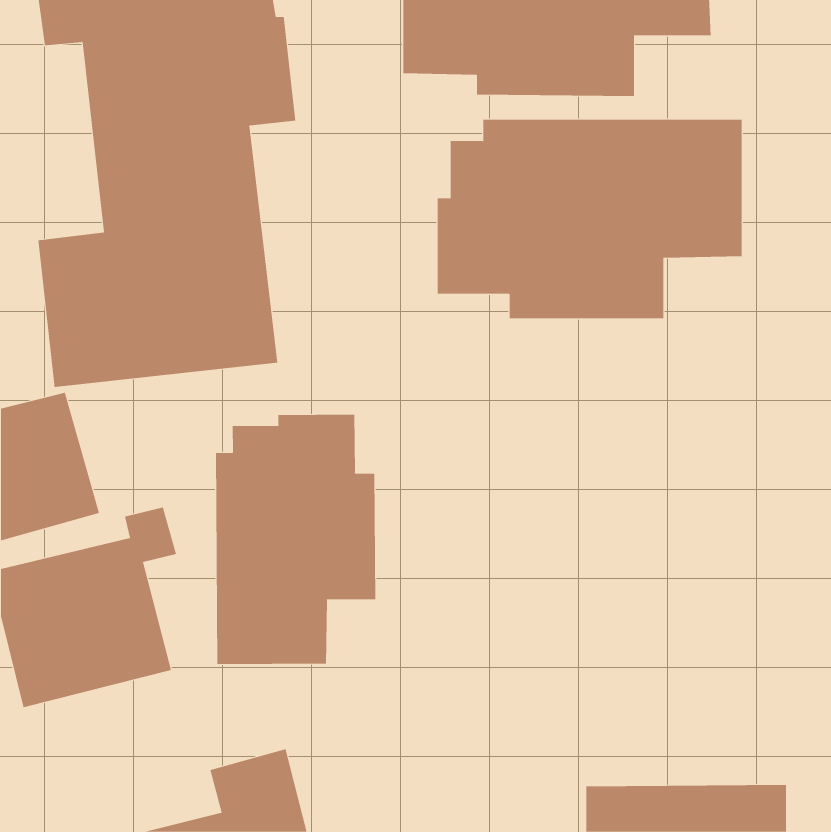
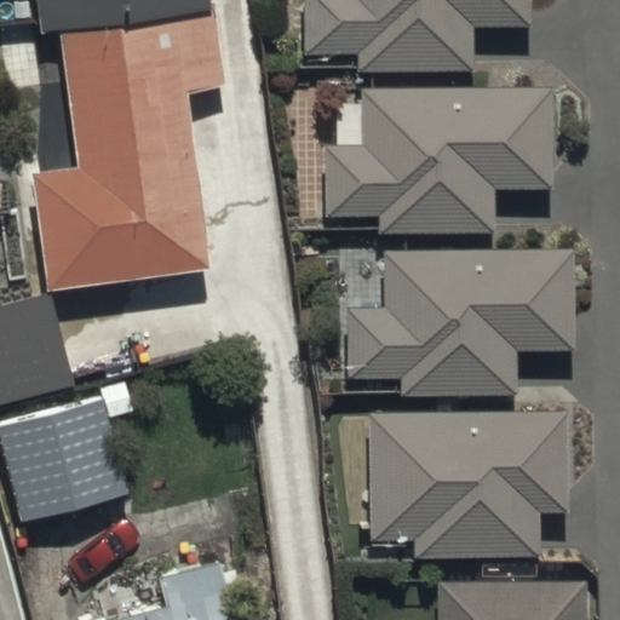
building: none -> [349,248,573,398]
building: [215,414,376,665] -> none
building: none -> [369,409,568,558]

